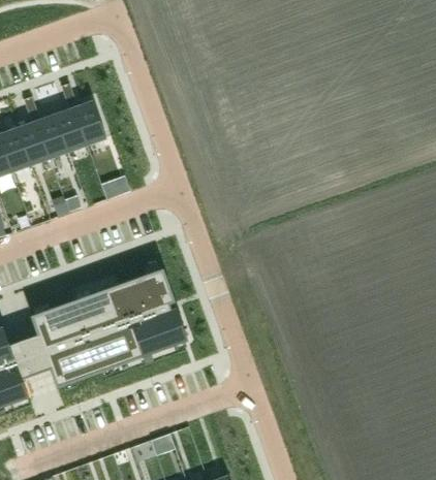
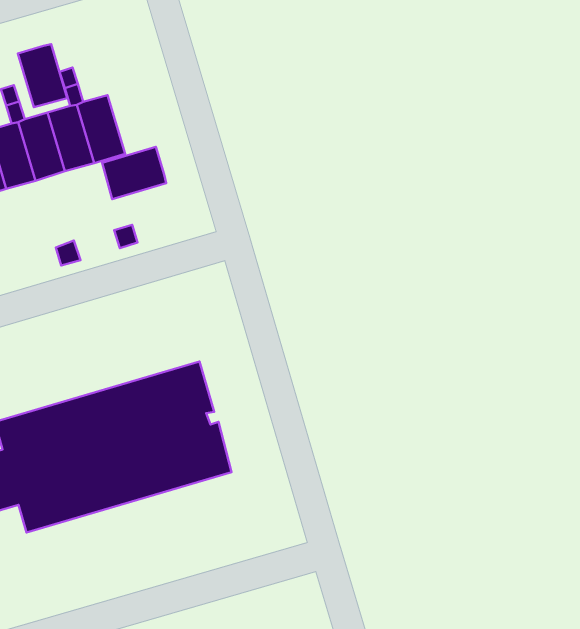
building: none -> [18,44,67,107]
building: none -> [102,147,166,199]

